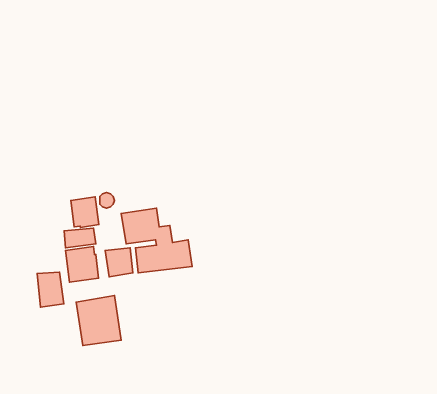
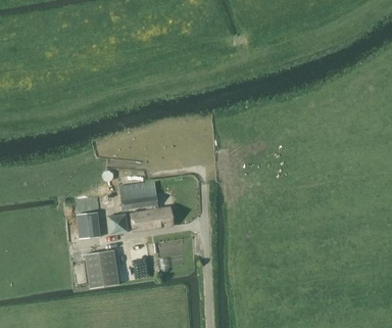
building: [71,197,99,227] -> none
building: [37,272,64,307] -> none

